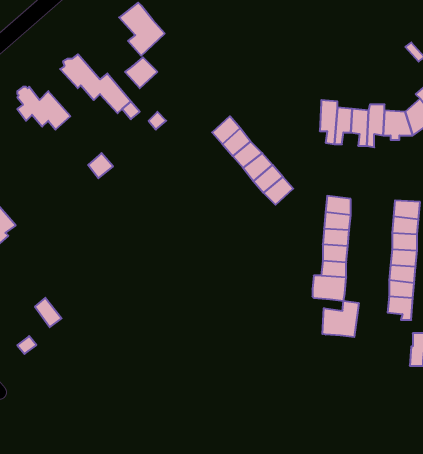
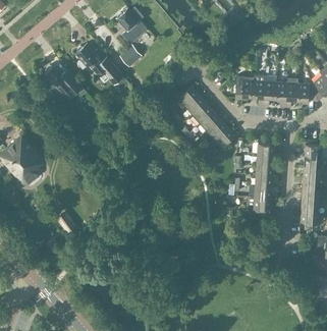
building: none -> [234,76,254,99]
building: [322,301,359,337] -> none

